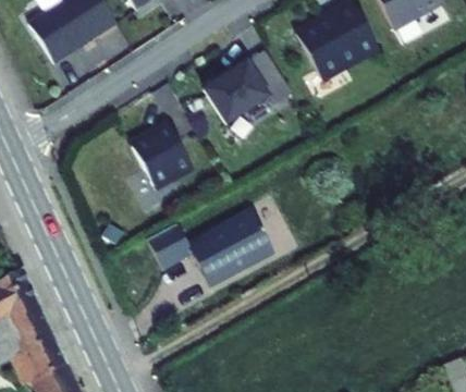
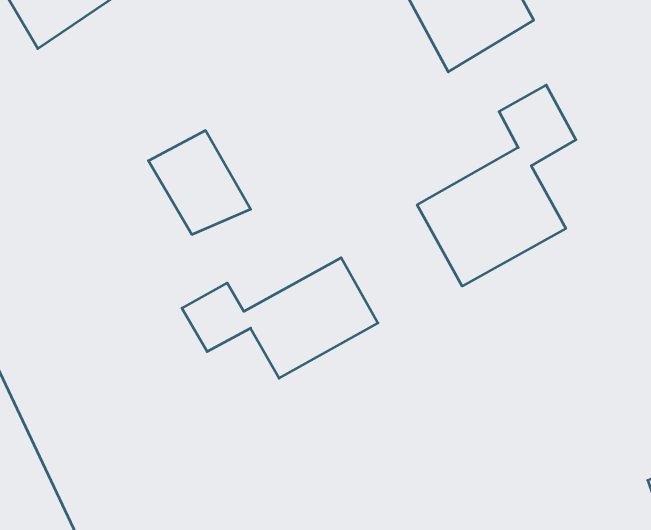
building: [198,51,292,127] -> none
building: none -> [417,85,576,286]

